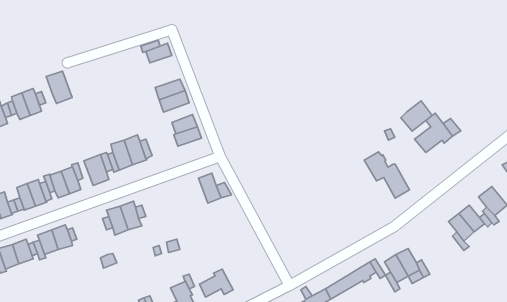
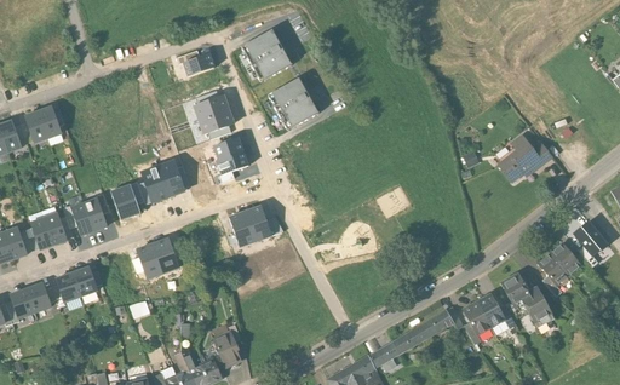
building: none -> [241,28,292,81]
building: none -> [268,76,318,128]
building: [46,71,72,103] -> none
building: [401,101,432,131] -> none
building: [364,152,410,198] -> [500,272,553,327]
building: none -> [228,211,256,246]
building: [200,269,233,297] -> none

